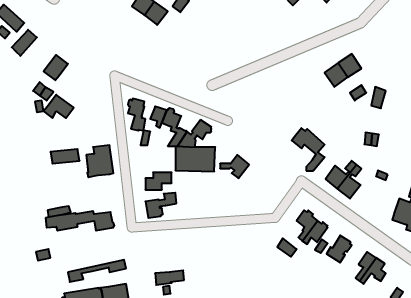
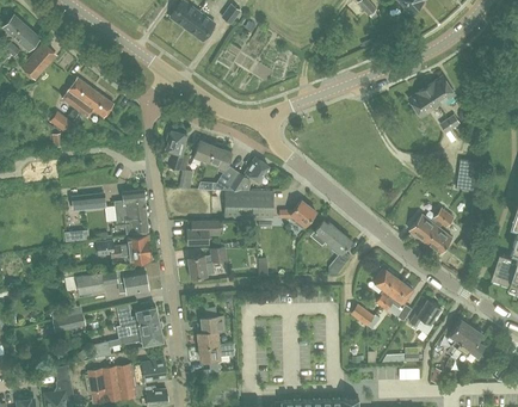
building: [44,95,74,118] -> [76,88,113,117]
building: [292,128,325,171] -> [310,221,351,273]
building: none -> [95,235,152,263]
building: none -> [116,307,162,339]
building: none -> [198,308,224,346]

